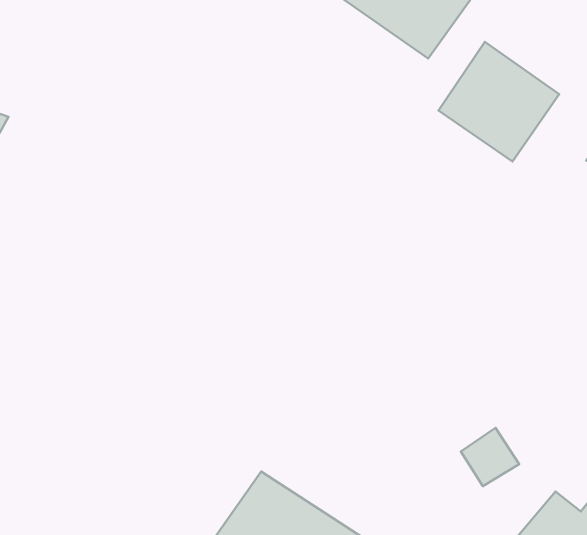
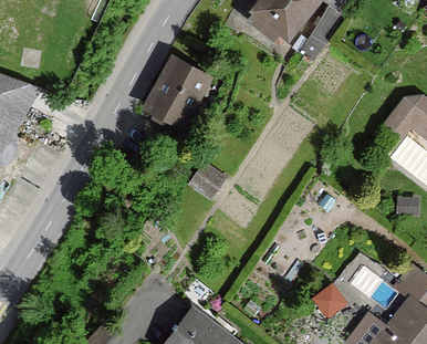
building: [439,42,559,161] -> none
building: none -> [137,55,206,133]

